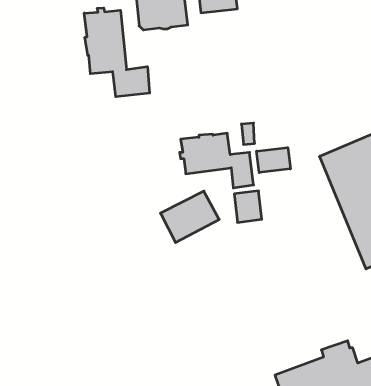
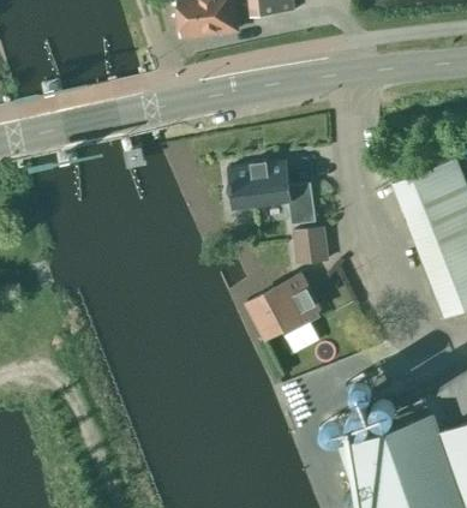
building: [84,8,150,97] -> none
building: [257,148,290,173] -> none
building: [160,191,219,243] -> [250,275,319,336]

